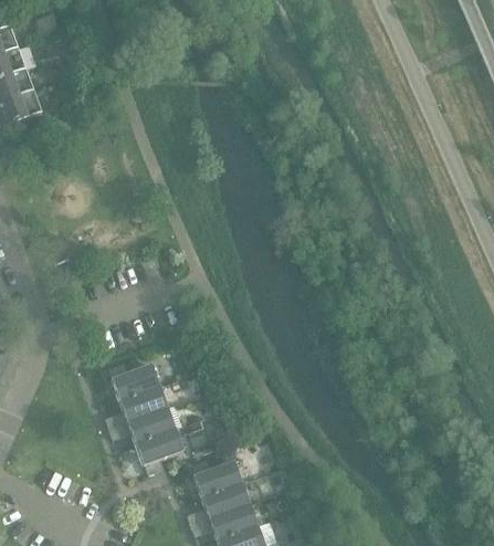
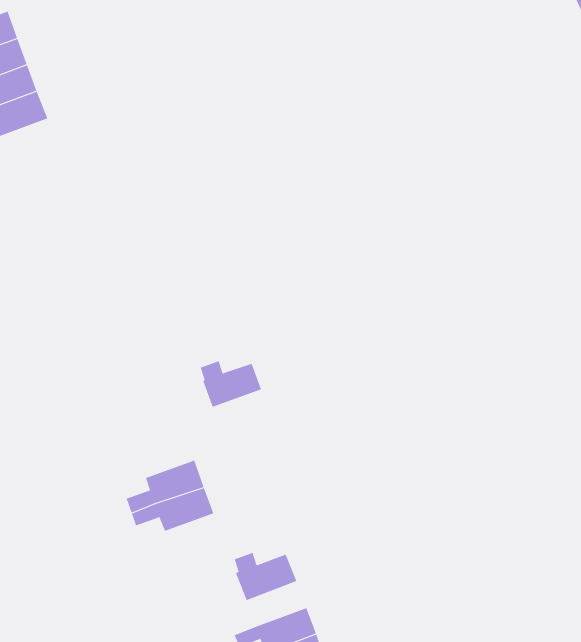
building: [112,360,161,398] -> [200,361,262,408]
building: [137,427,185,472] -> none
building: [188,481,251,524] -> none

